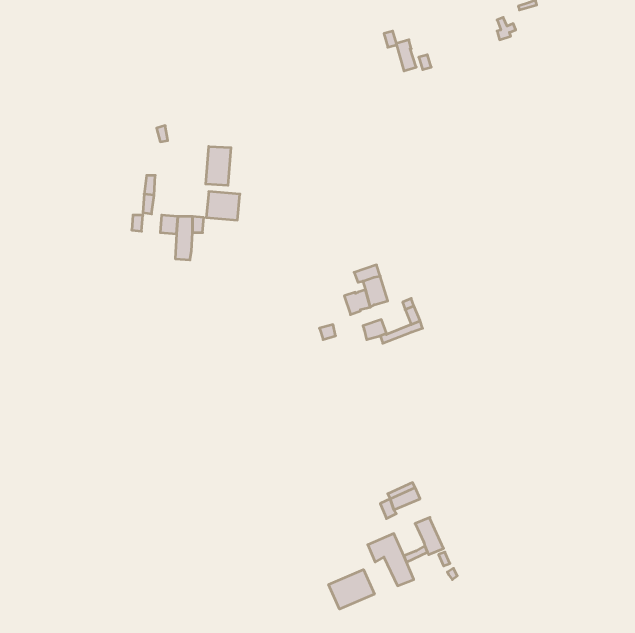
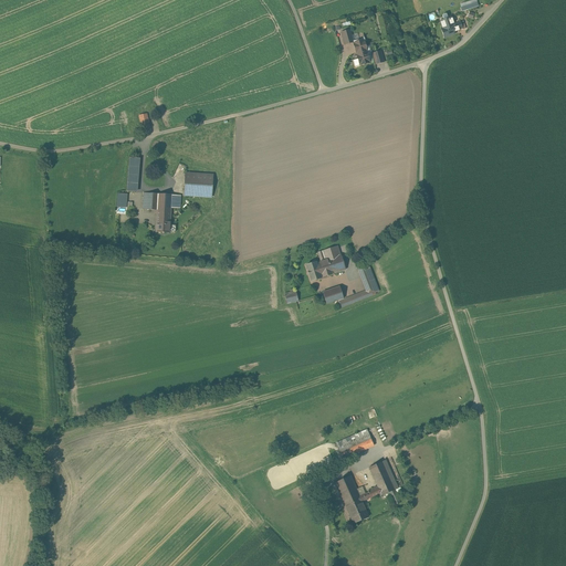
building: [206,146,231,185] -> none
building: [329,570,374,609] -> none

